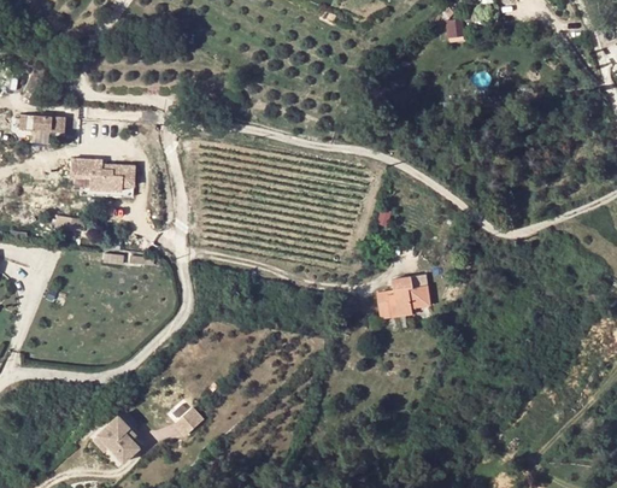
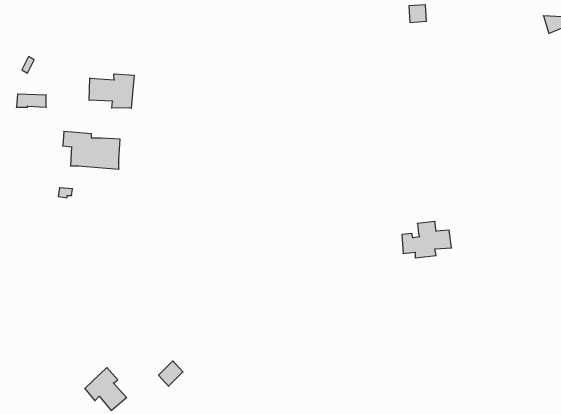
building: none -> [89,74,134,108]
building: [376,280,430,319] -> [402,221,452,258]

